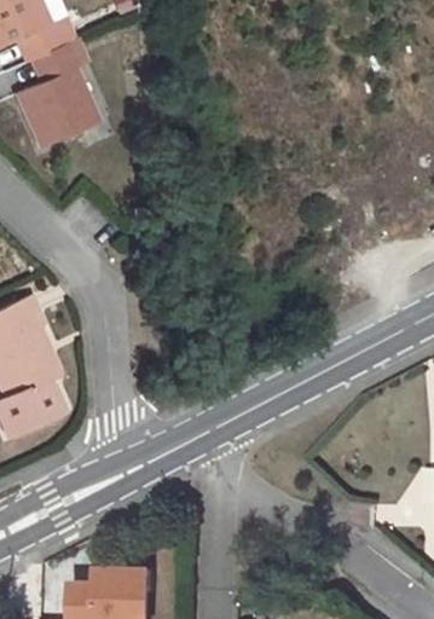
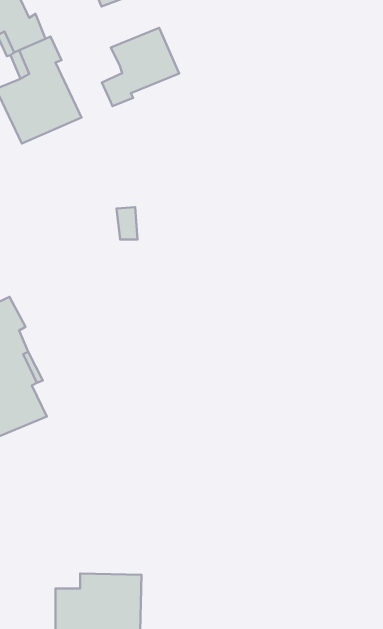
building: none -> [102,28,179,106]

